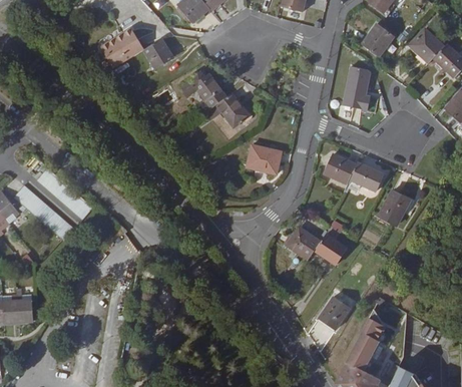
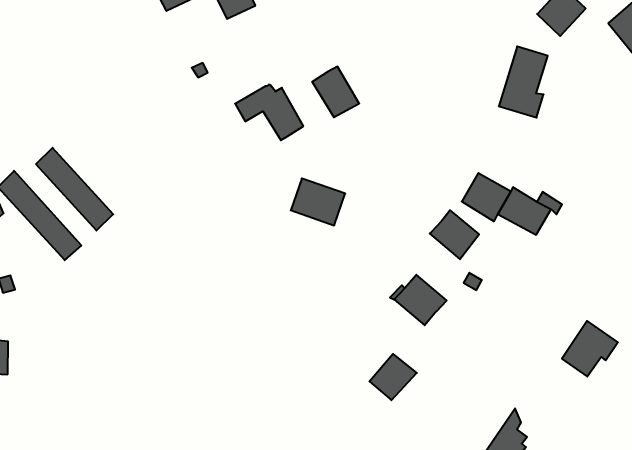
building: [179,71,226,107] -> [235,85,303,140]
building: [247,144,282,173] -> [291,178,345,225]
building: [379,188,415,226] -> [562,321,618,377]
building: [315,233,348,265] -> [430,210,479,259]
building: [320,297,351,328] -> [369,354,417,400]

